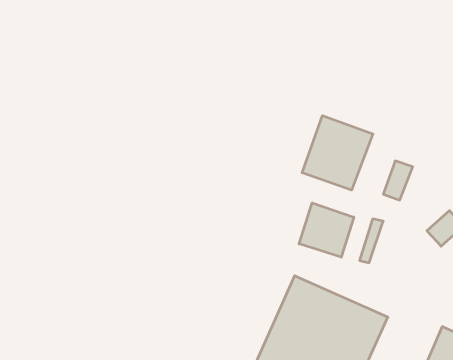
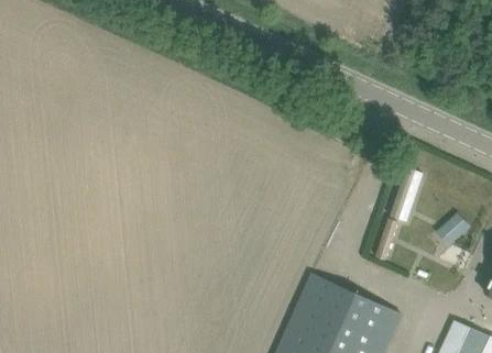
building: [302,116,373,190] -> none
building: [299,203,354,257] -> none

